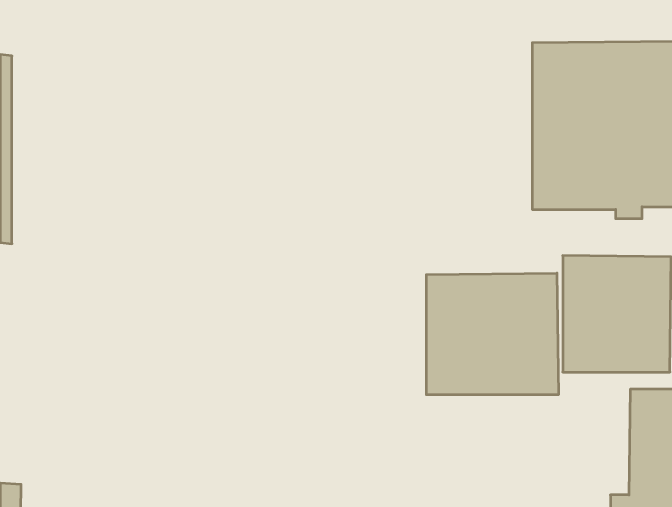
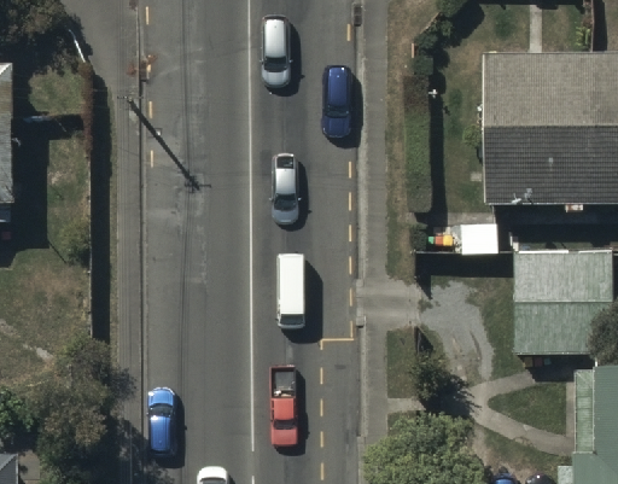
building: [426,273,558,395] -> none

